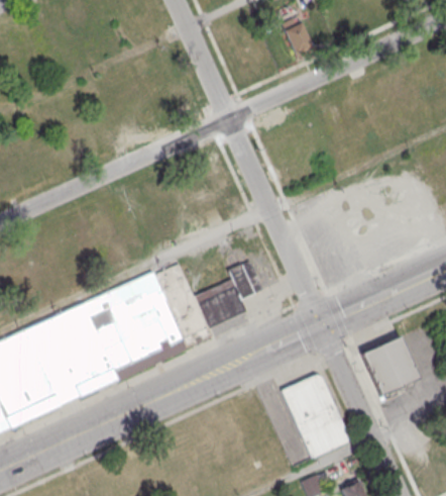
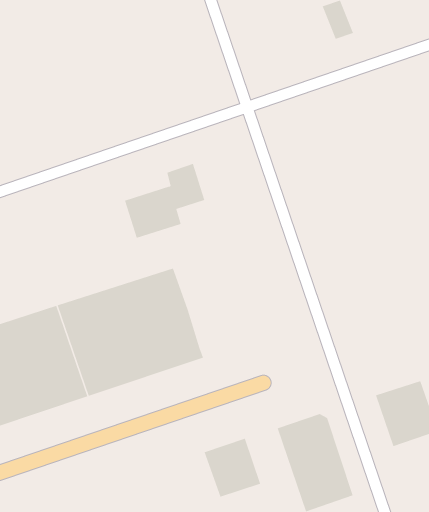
building: [195,259,263,327] -> [124,163,205,239]
building: none -> [204,438,261,498]

